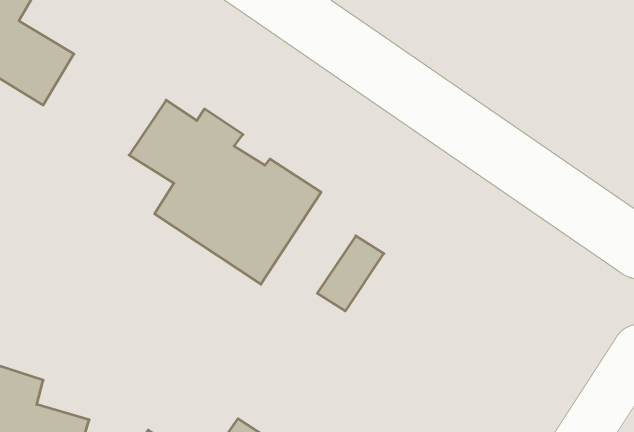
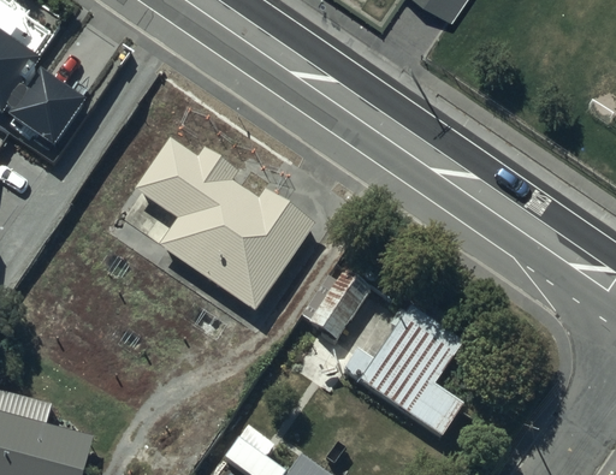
building: none -> [340,298,464,437]

